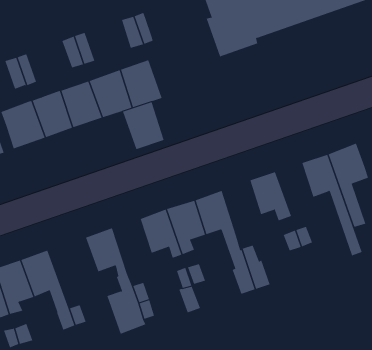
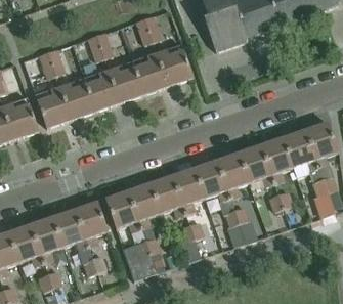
building: [122,102,165,150] -> [158,45,192,85]
building: none -> [262,138,293,182]
building: none -> [218,153,250,199]
building: none -> [128,184,160,229]
building: none -> [75,202,109,247]

